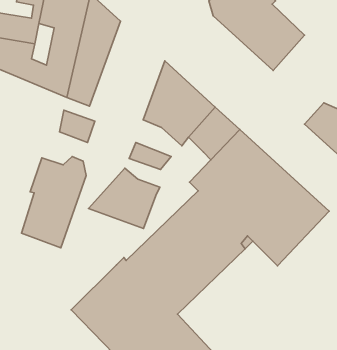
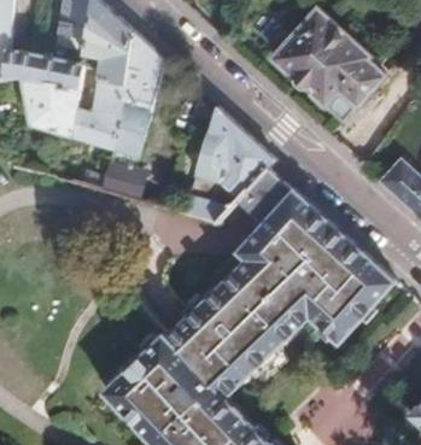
building: [21,156,86,248] -> none
building: [89,168,160,228] -> none

